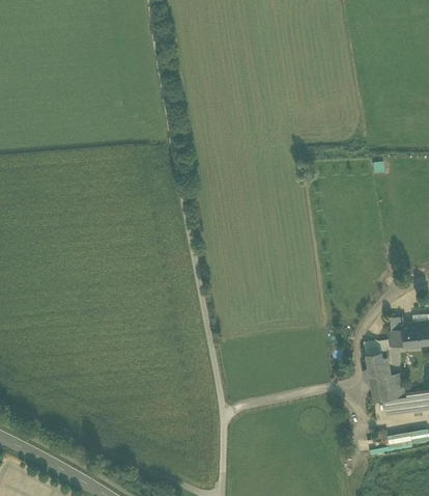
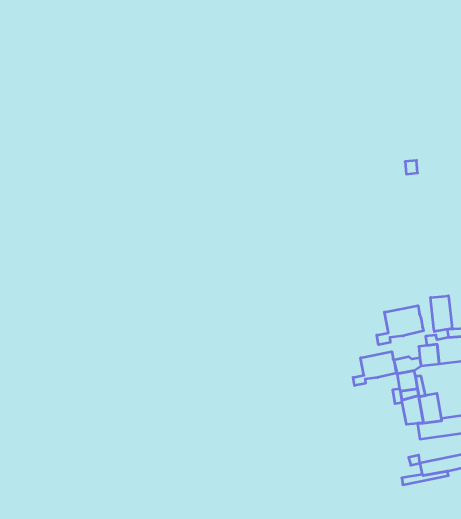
building: none -> [431,296,452,332]
building: none -> [377,306,424,345]
building: none -> [353,352,397,386]

